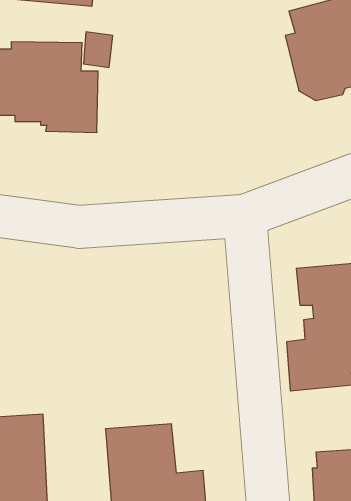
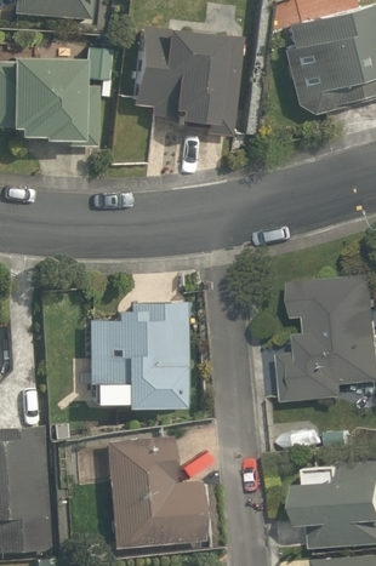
building: none -> [135,25,245,137]
building: none -> [90,304,189,408]

